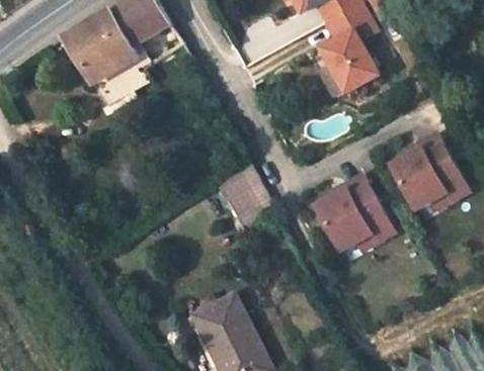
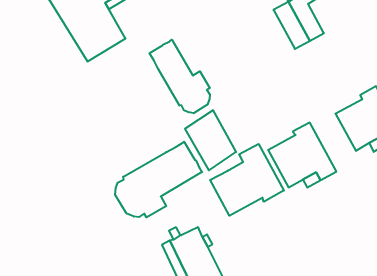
building: none -> [149,40,210,113]
building: none -> [115,142,202,217]
building: none -> [210,144,284,216]

